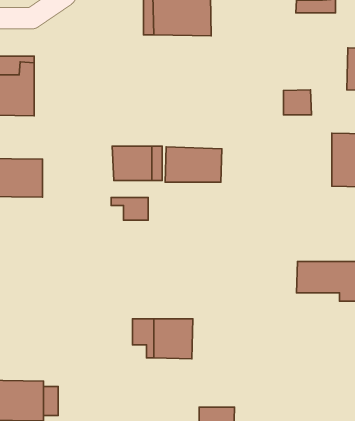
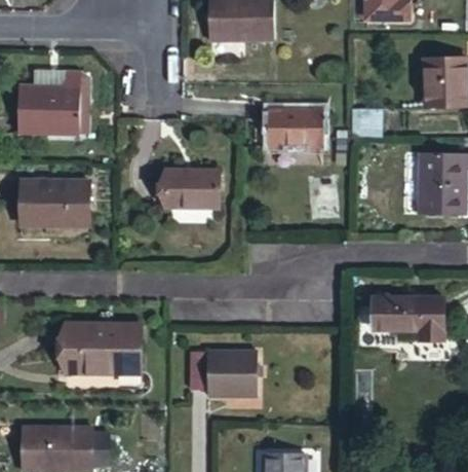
building: [165,147,222,182] -> [269,109,332,148]
building: [111,197,148,220] -> none
building: none -> [64,328,140,372]

